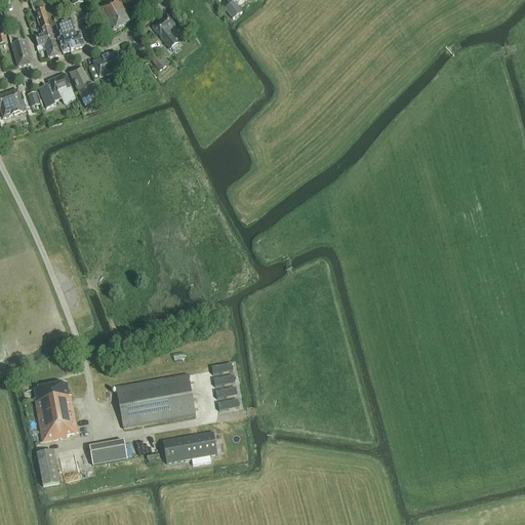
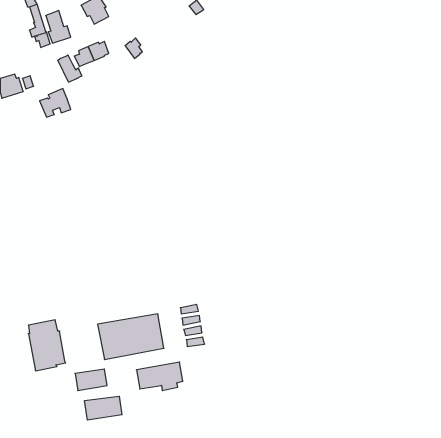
building: [152,13,177,47] -> none
building: [8,31,32,66] -> none
building: [38,73,75,107] -> [40,89,71,117]
building: [36,449,58,485] -> none
building: none -> [85,396,122,420]

